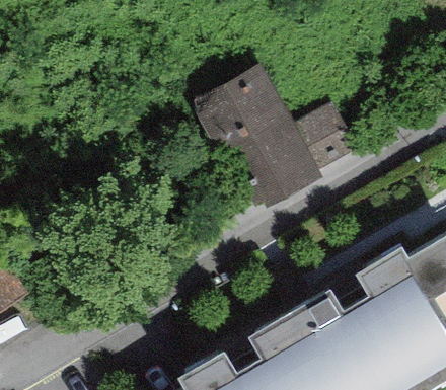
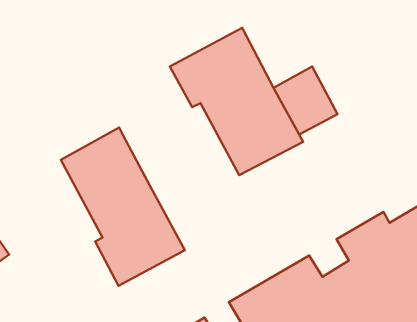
building: none -> [61,128,185,286]

